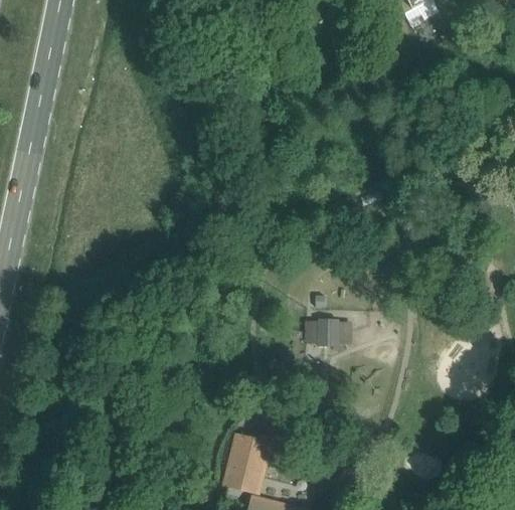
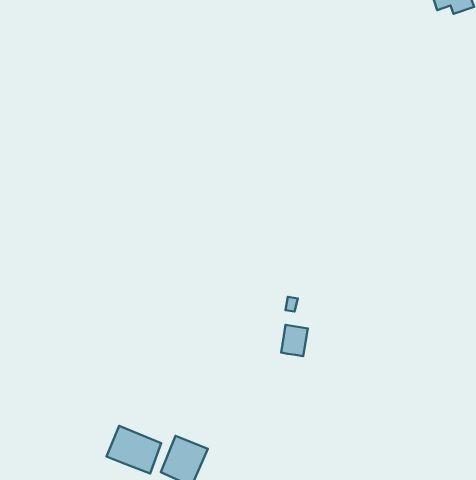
building: none -> [107,426,161,474]

